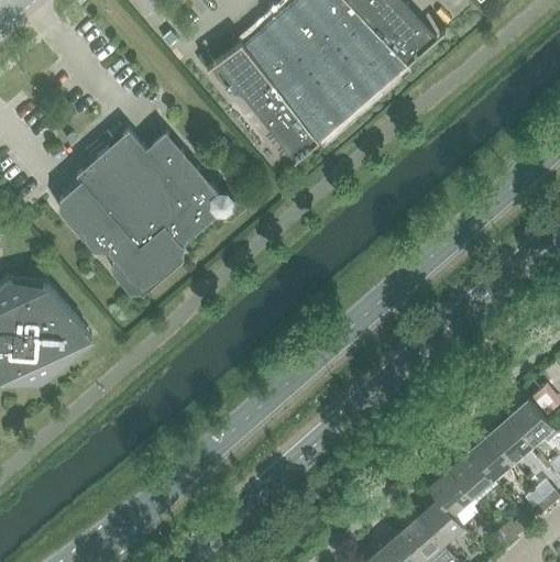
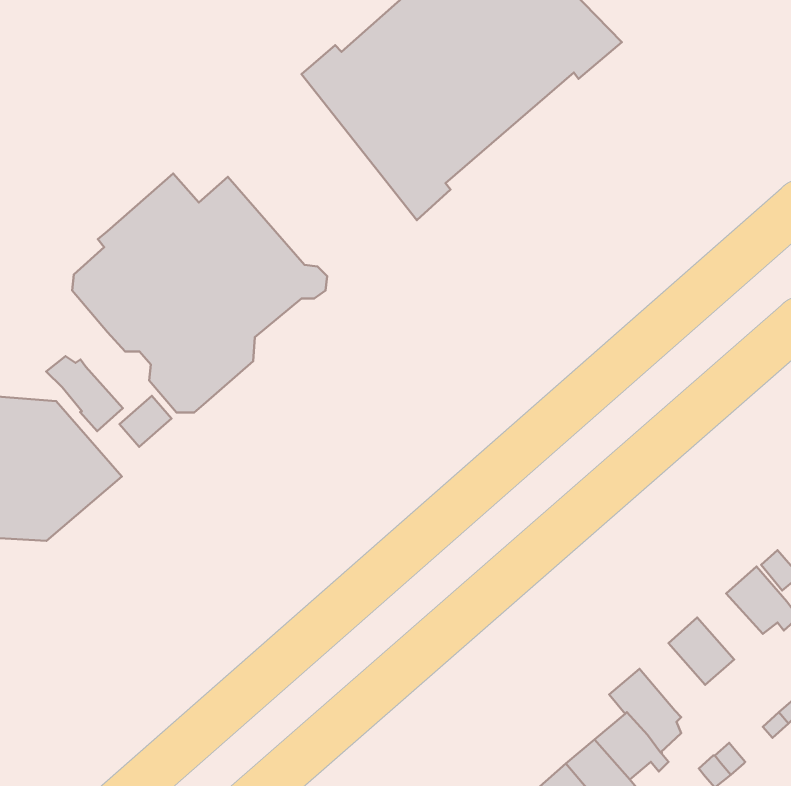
building: none -> [46,356,123,431]
building: none -> [119,396,172,447]
building: [488,418,534,463] -> none
building: [449,452,497,503] -> none

